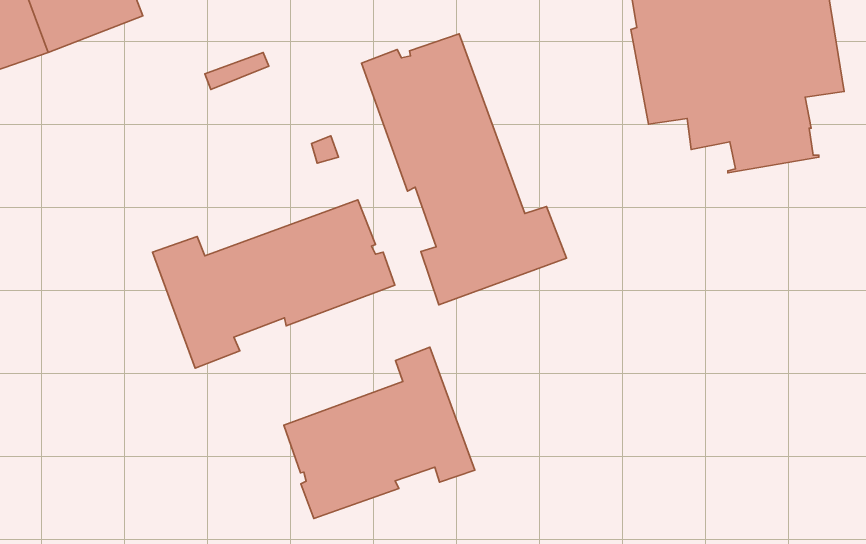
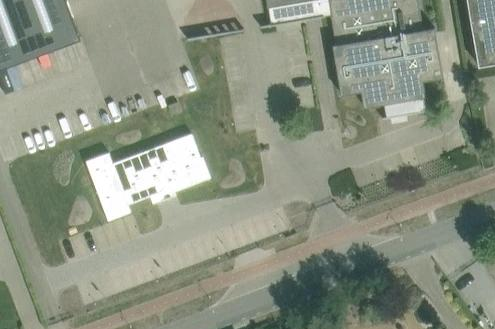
building: [361,34,566,305] -> none
building: [284,347,475,519] -> none

